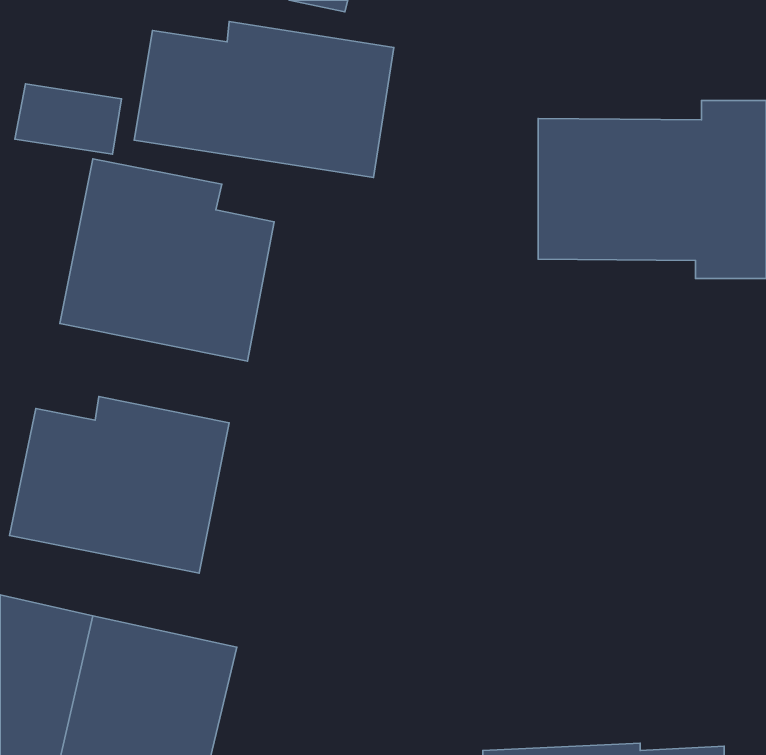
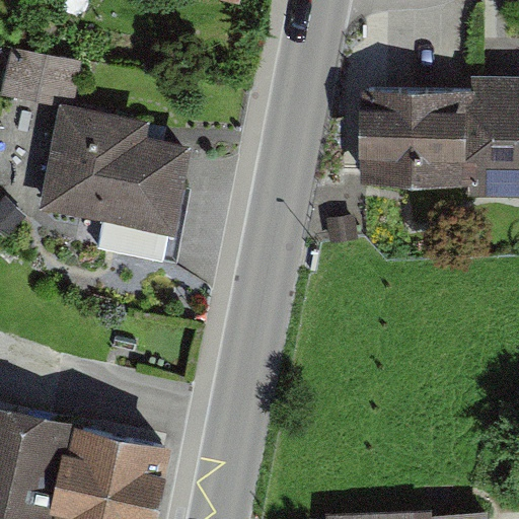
building: [134,22,394,177] -> none
building: [10,396,229,573] -> none

